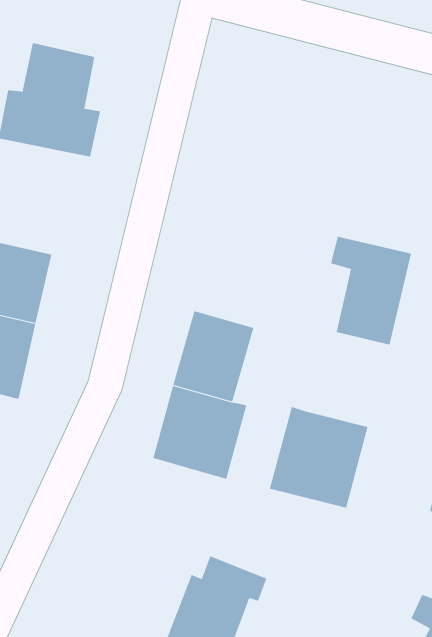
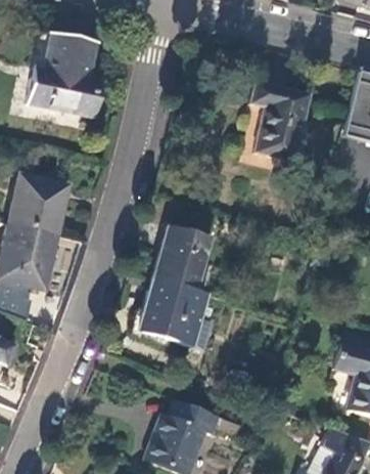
building: [330,236,412,345] -> [249,81,308,159]
building: [269,406,368,508] -> none

